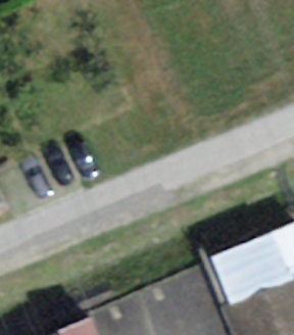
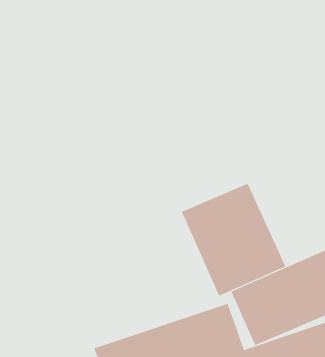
building: none -> [181,183,286,297]

